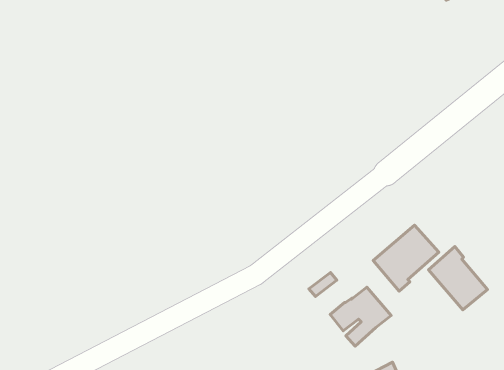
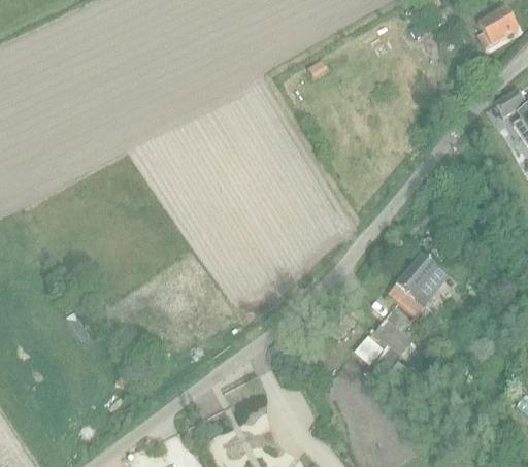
building: [428,247,488,310] -> none

